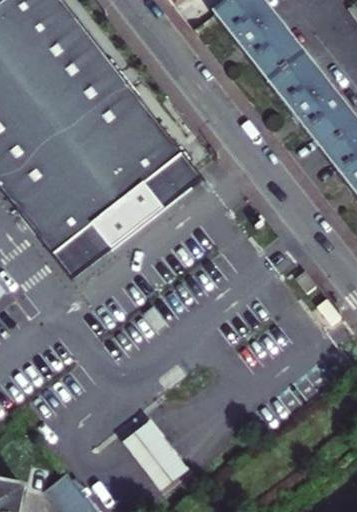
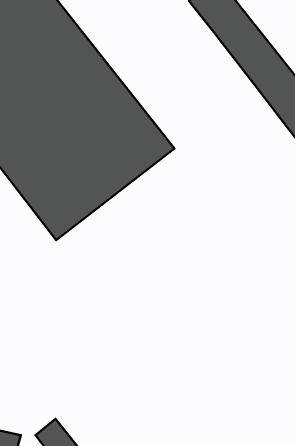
building: [113,411,189,491] -> none

